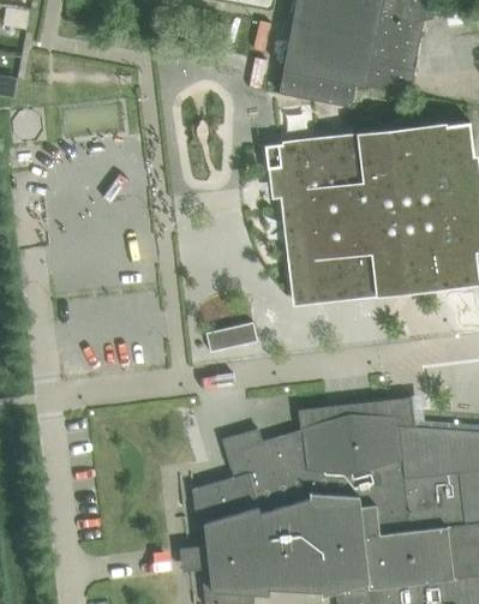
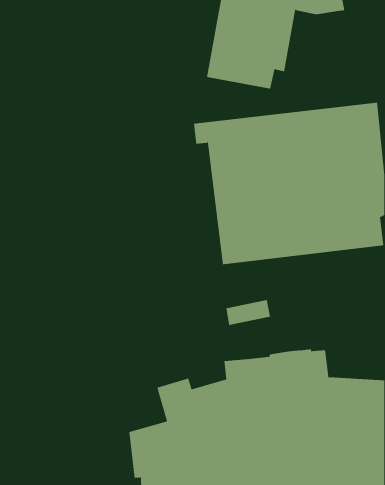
building: [366,19,424,95] -> none
building: [206,323,257,352] -> [225,300,271,325]

